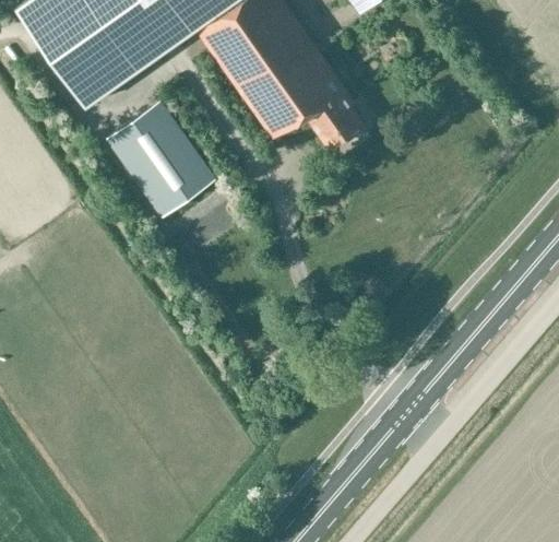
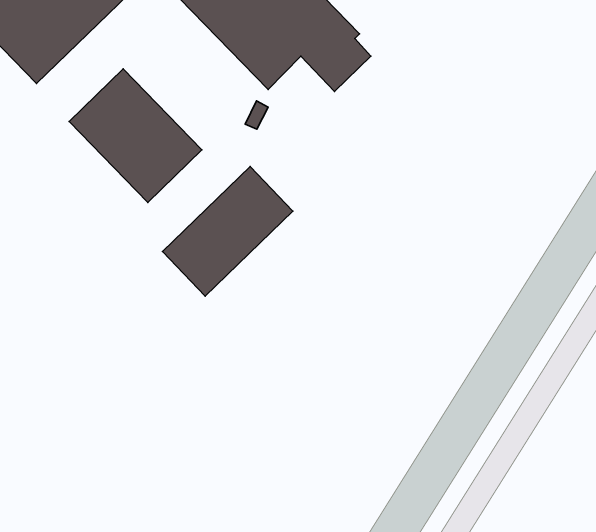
building: none -> [163,167,293,296]

